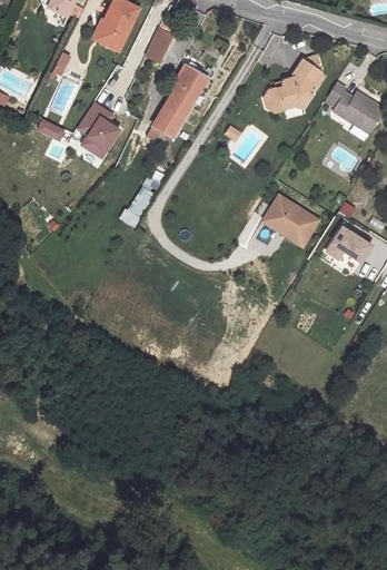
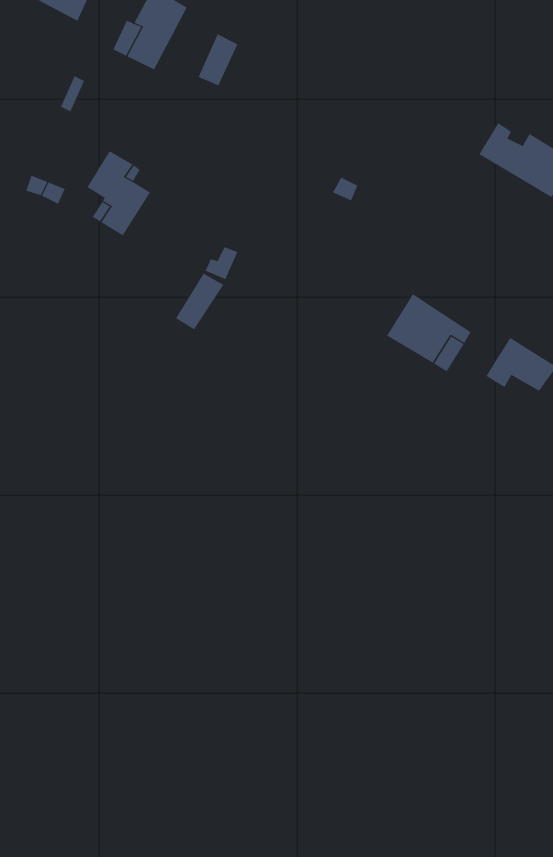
building: [266,63,319,115] -> none
building: [145,65,206,140] -> none

